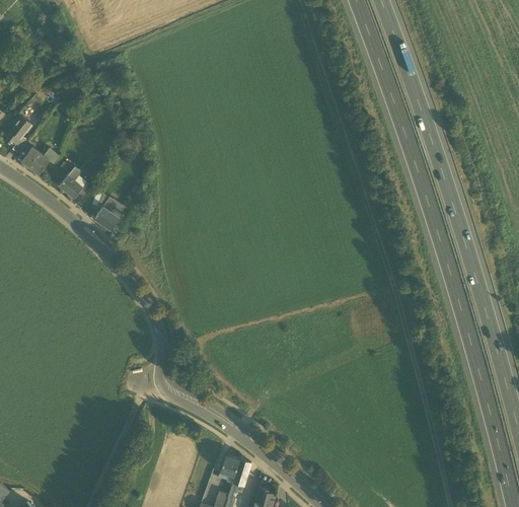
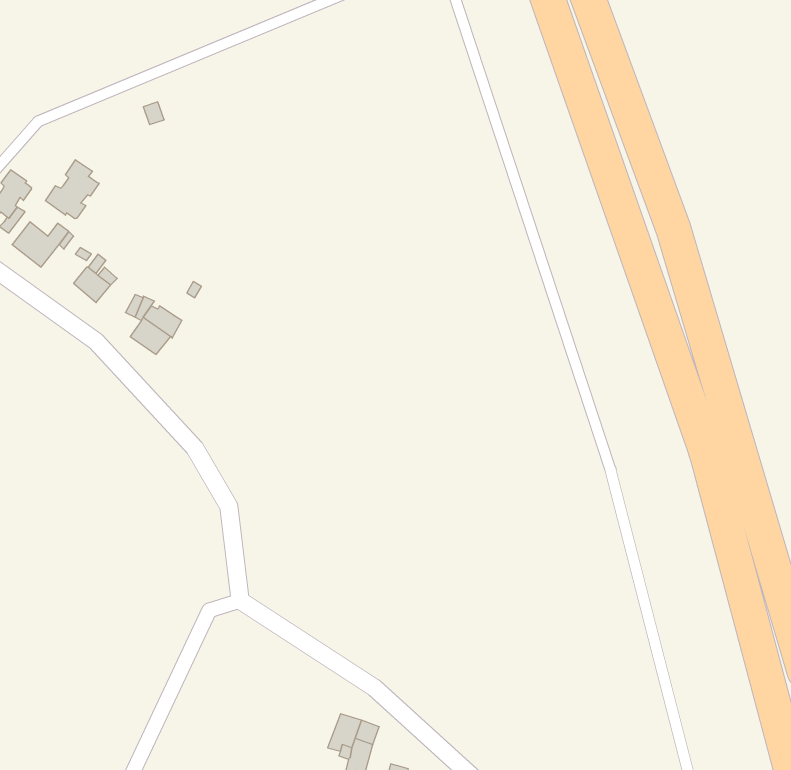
building: none -> [45,160,99,219]

